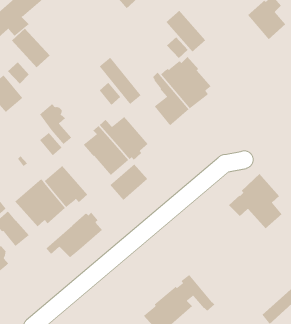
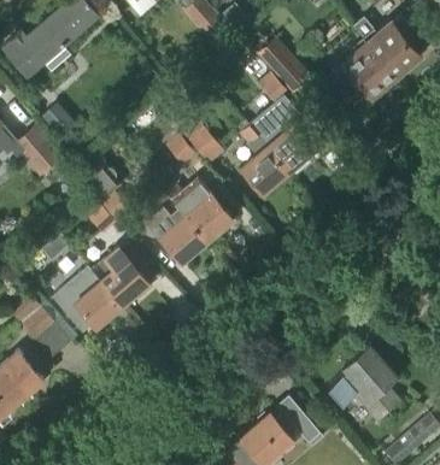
building: none -> [330,43,395,102]
building: [11,28,50,68] -> none
building: [110,163,148,201] -> none
building: [228,173,282,229] -> [325,345,399,420]
building: [45,212,103,258] -> none

